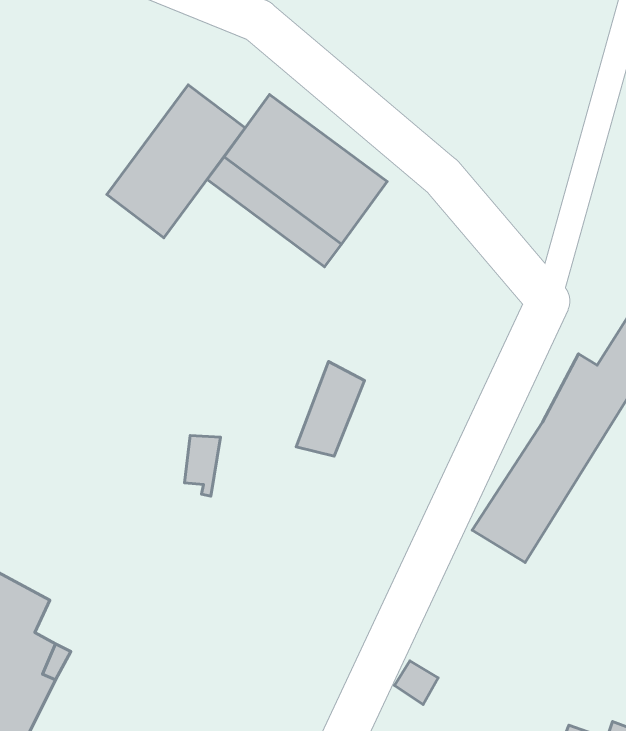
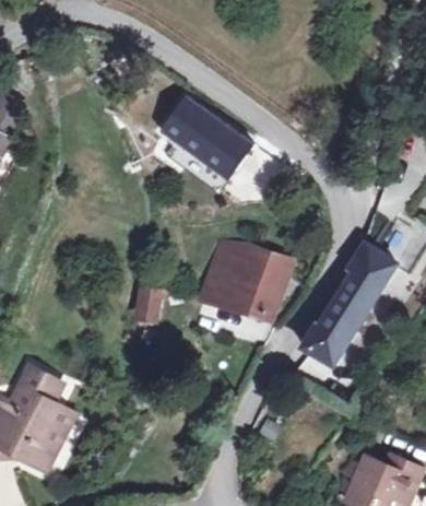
building: [107,85,245,238] -> none
building: none -> [224,248,289,316]

